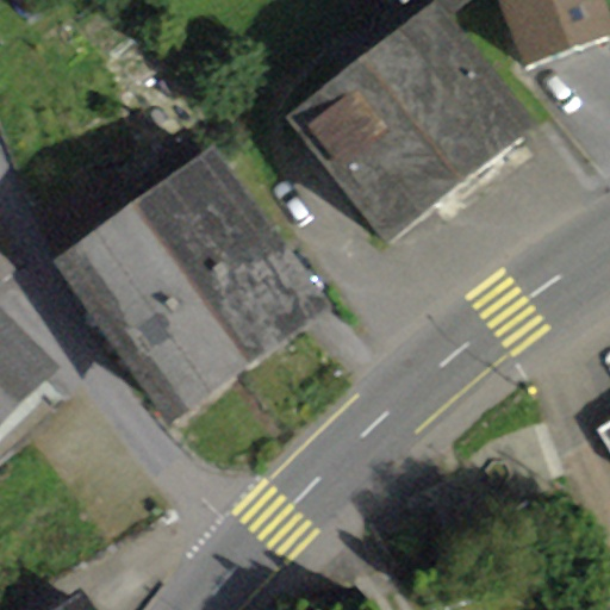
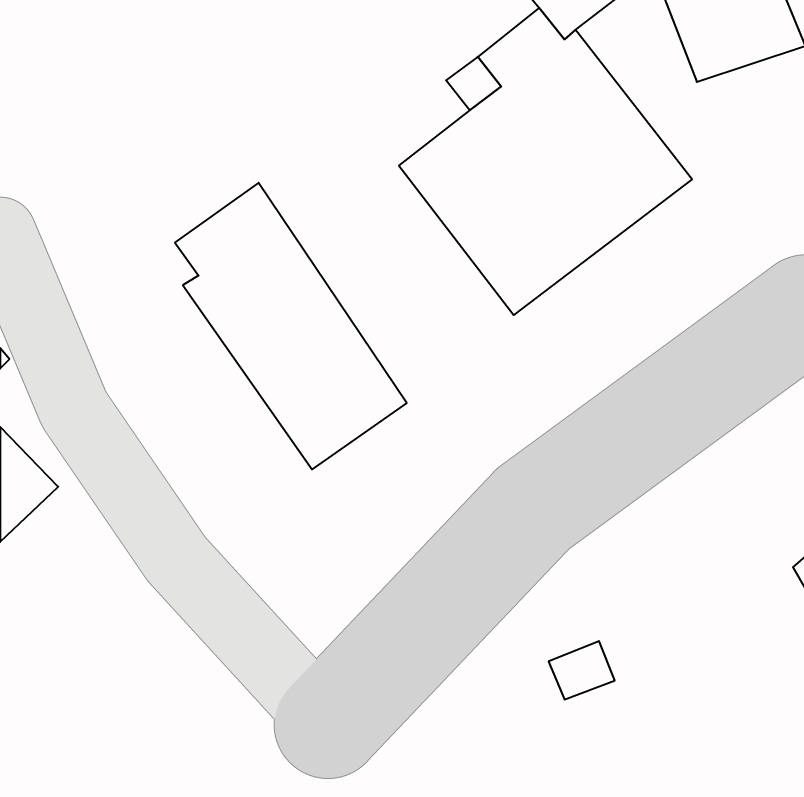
building: [67,216,237,406] -> none

